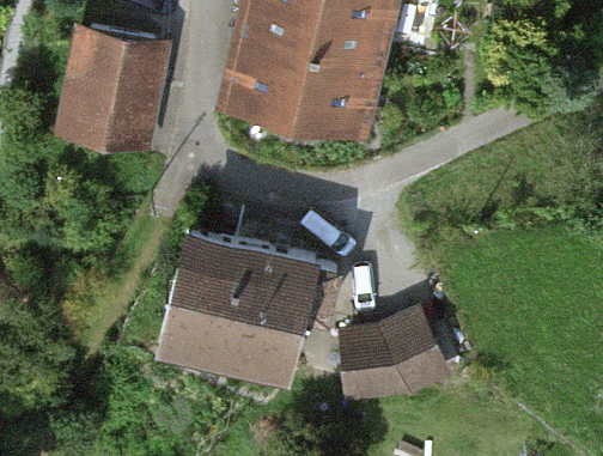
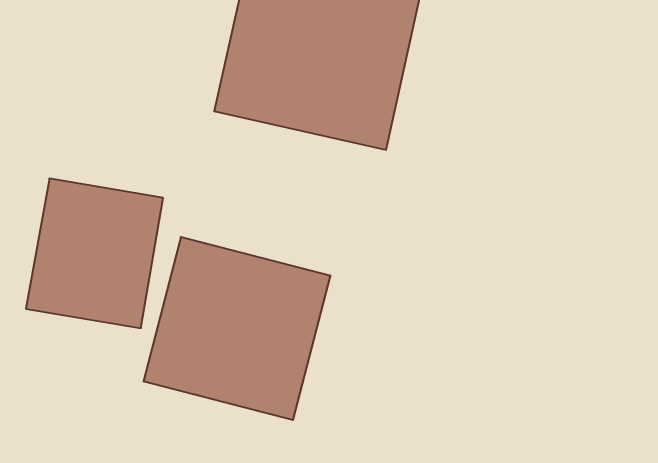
building: [53,25,171,154] -> [26,178,163,328]
building: [337,312,451,400] -> none

